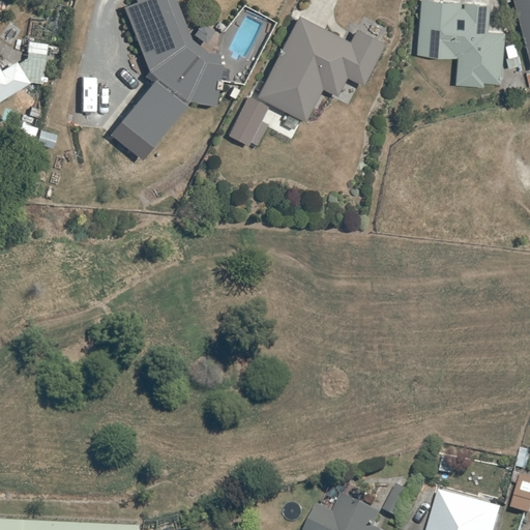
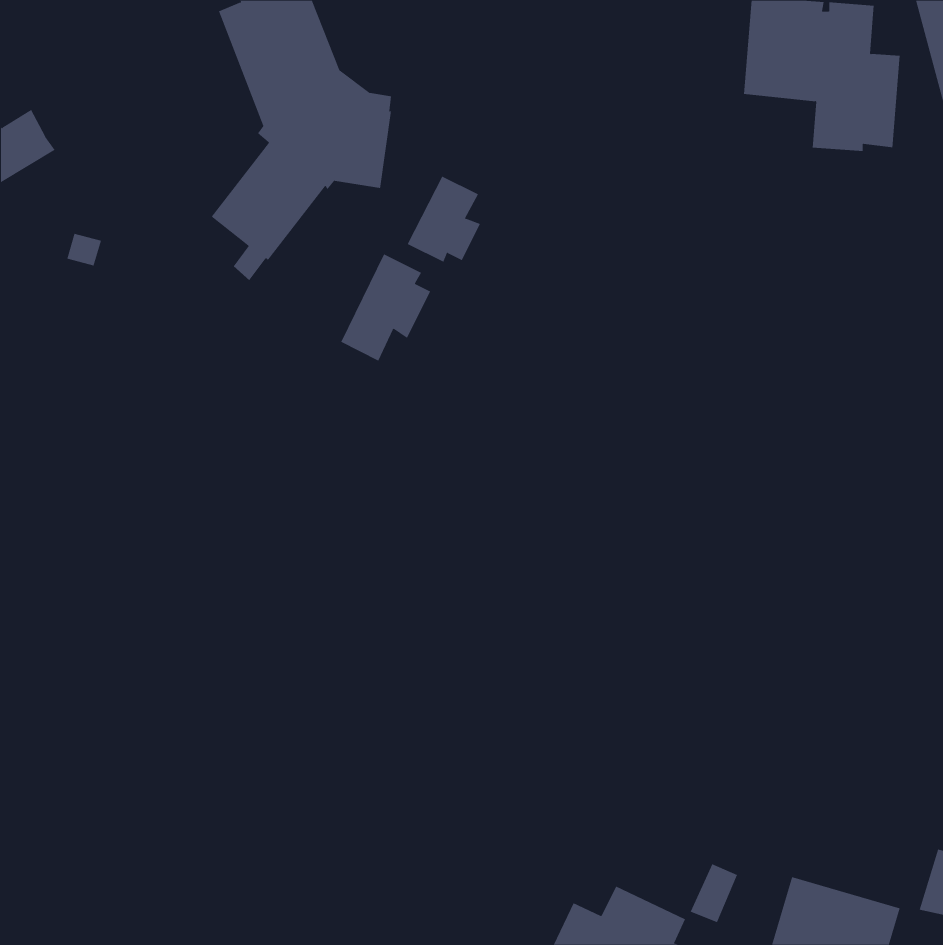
building: [257,16,385,122] -> none
building: none -> [340,254,431,361]

